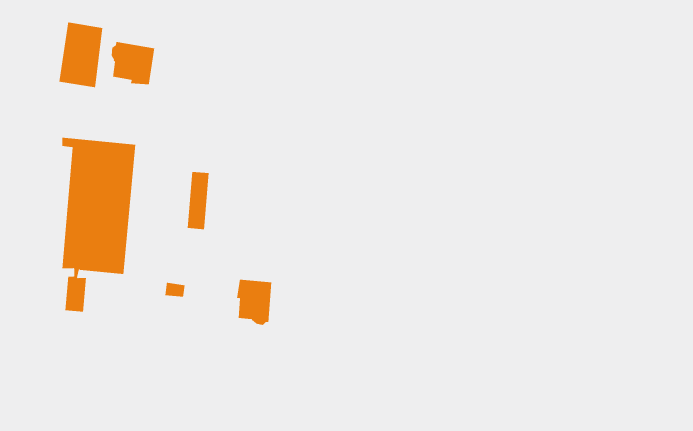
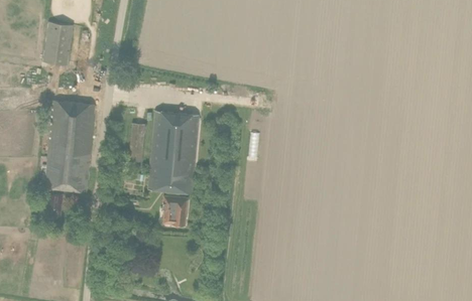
building: [111,41,155,85] -> none
building: none -> [147,110,199,192]

